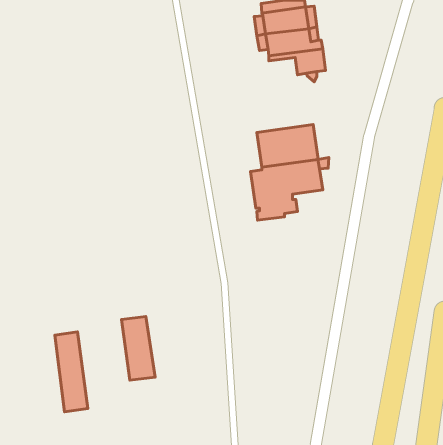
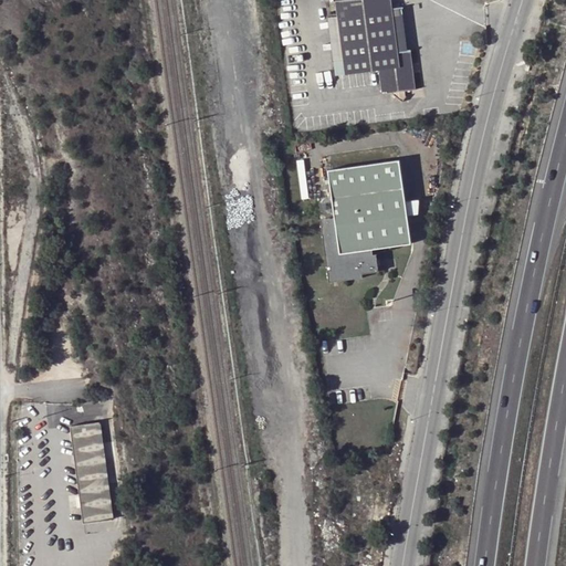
building: [121,317,155,380] -> none

